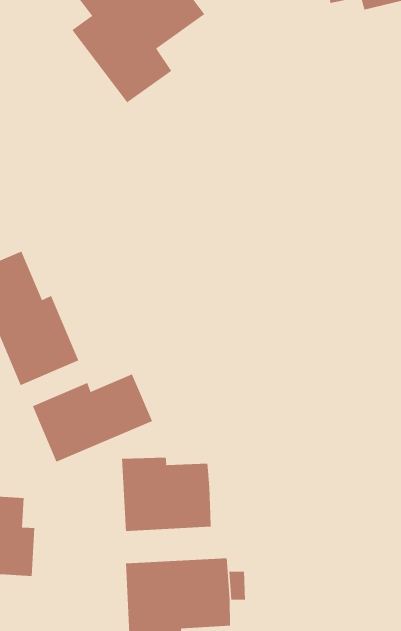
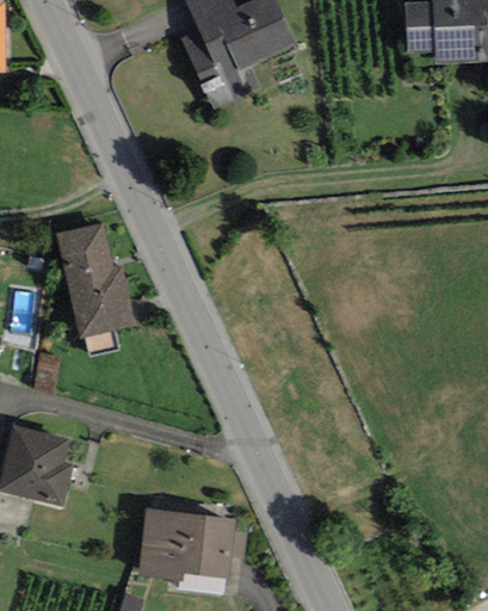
building: [32,374,153,463] -> none
building: [122,457,211,532] -> none

